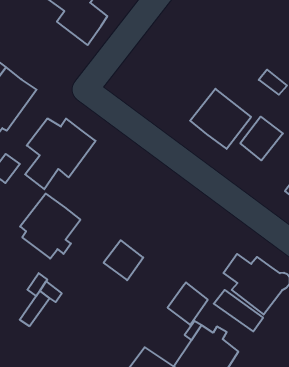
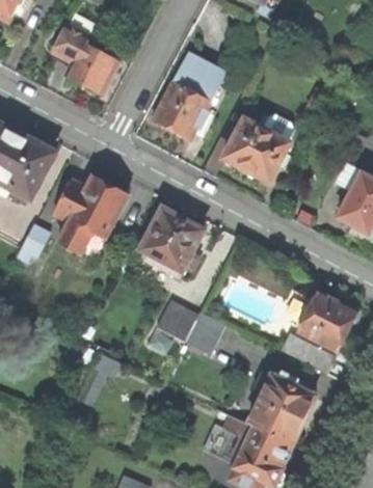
building: none -> [153,53,227,139]
building: [240,117,283,160] -> none
building: [20,194,80,259] -> [140,207,204,275]
building: [168,282,208,325] -> [184,307,225,352]

